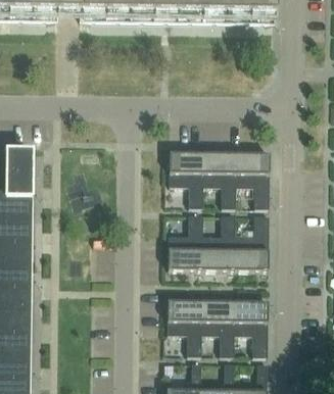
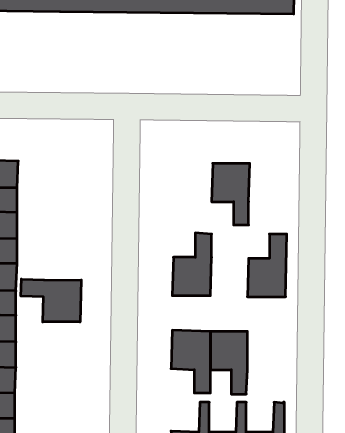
building: [169,151,203,206] -> none
building: [235,152,270,207] -> none
building: [201,214,235,269] -> none
building: none -> [21,279,81,322]
building: [234,300,268,355] -> none

